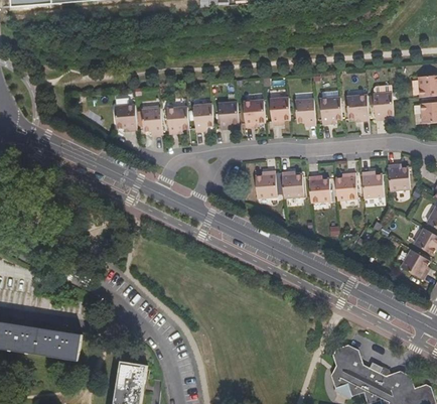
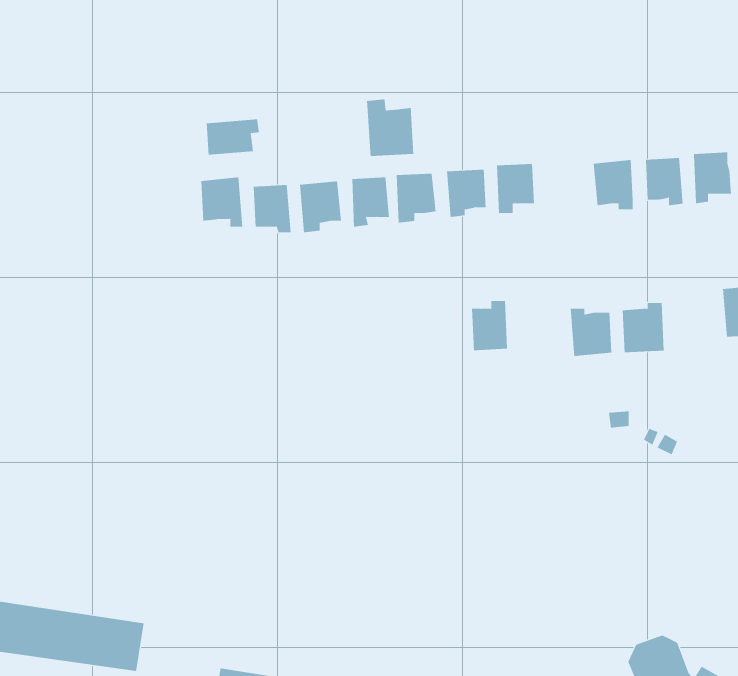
building: none -> [367,99,414,157]
building: none -> [206,119,259,155]
building: [294,96,313,122] -> none
building: [279,166,300,192] -> none
building: [359,167,383,191] -> none

